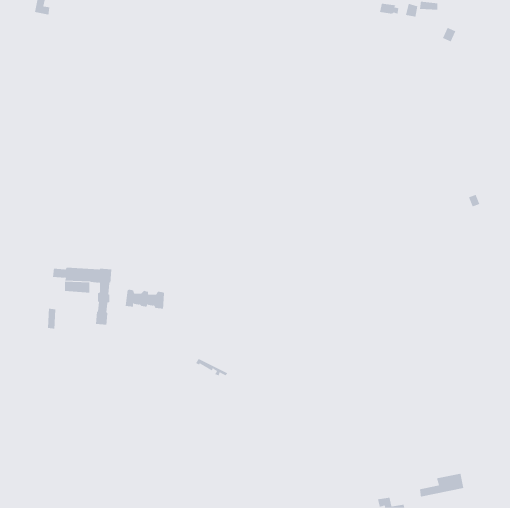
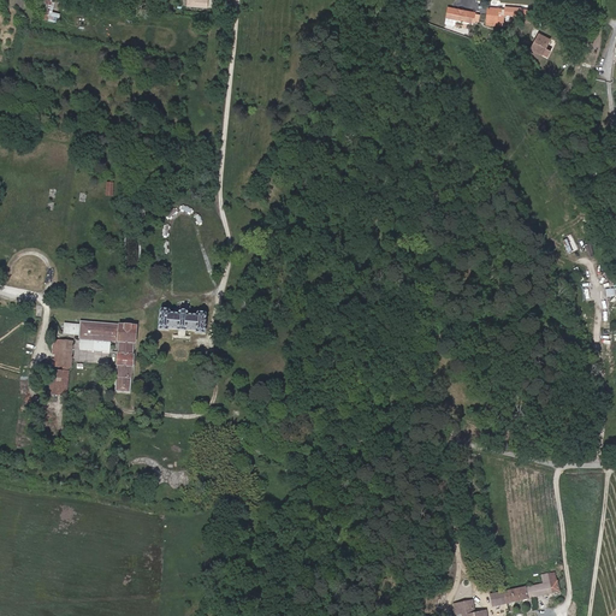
building: none -> [51,339,72,367]
building: [125,289,165,309] -> [159,308,207,332]

